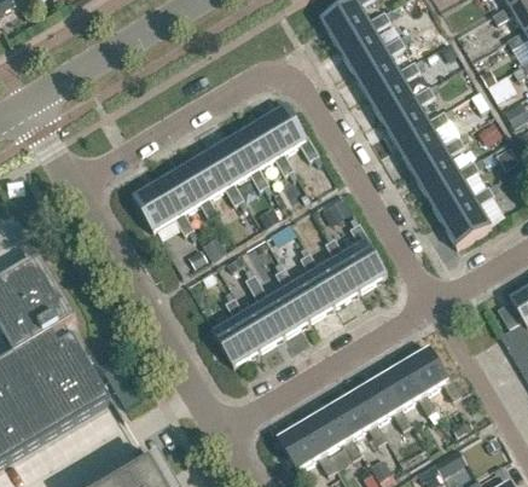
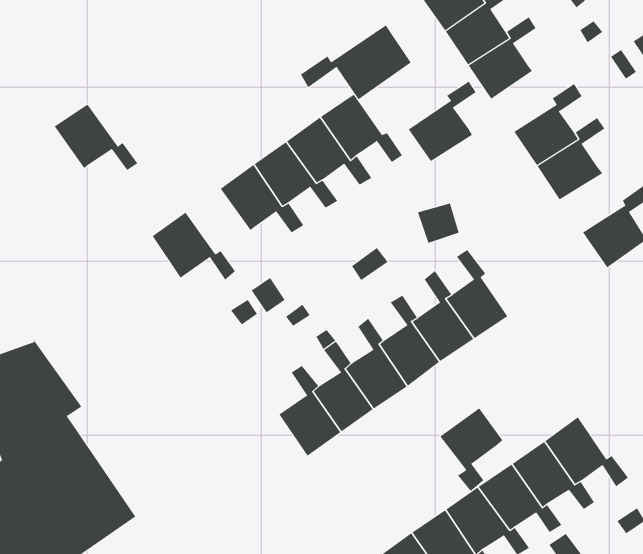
building: none -> [300,24,412,100]
building: [382,86,433,141] -> [408,81,477,162]
building: [425,161,476,216] -> none
building: [159,167,217,216] -> [54,104,138,171]
building: none -> [440,407,503,492]

